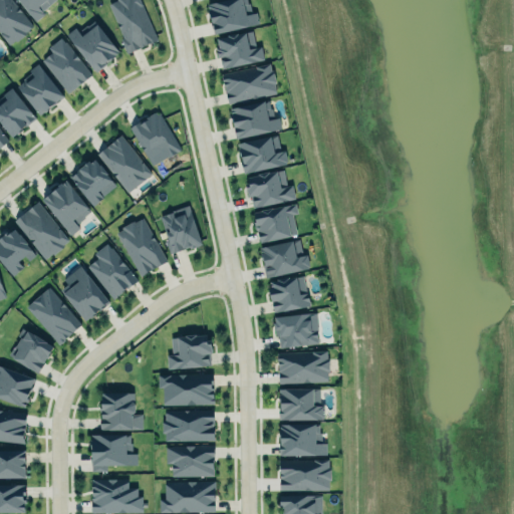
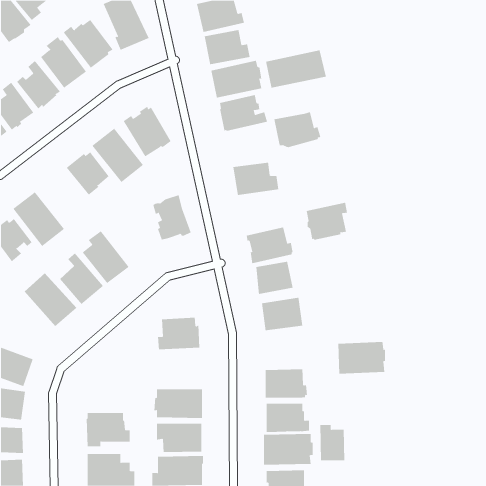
building: none -> [266,49,326,88]
building: [239,136,289,174] -> [273,111,321,148]
building: [44,182,91,236] -> none
building: [255,204,299,244] -> [306,202,348,240]
building: [115,218,169,278] -> none
building: [9,328,54,374] -> none
building: [279,351,330,386] -> [337,342,386,374]
building: [159,374,214,406] -> none
building: [100,395,143,432] -> none
building: none -> [320,424,345,461]

